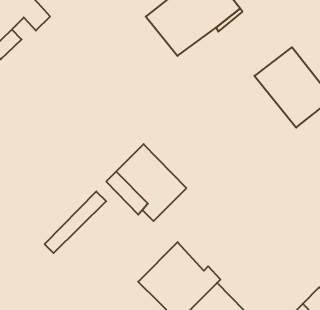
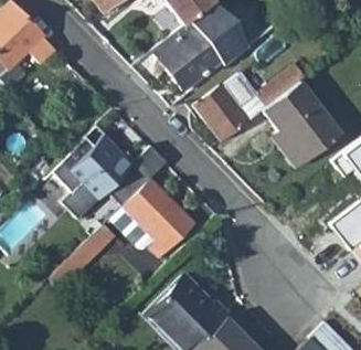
building: none -> [197,63,306,139]
building: none -> [50,134,168,220]

